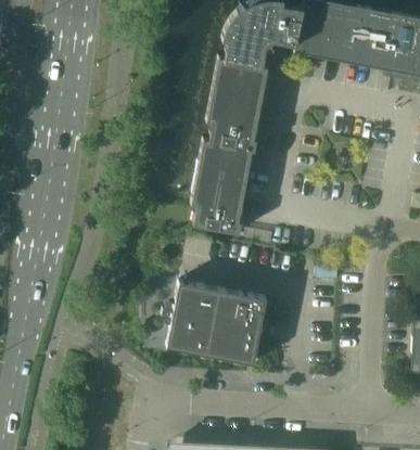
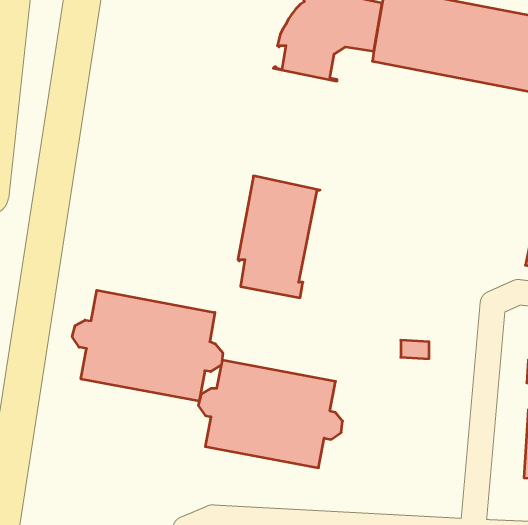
building: [203,57,267,151] -> none
building: none -> [72,290,223,401]

